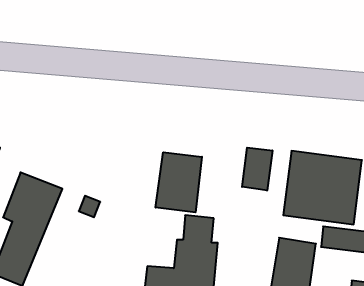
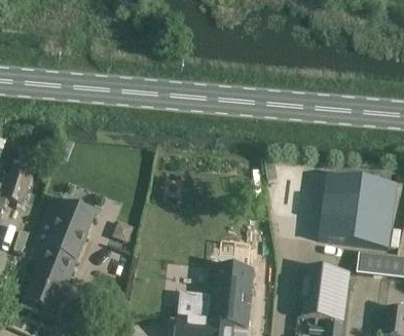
building: [242,148,272,191] -> none
building: [156,152,202,212] -> none

